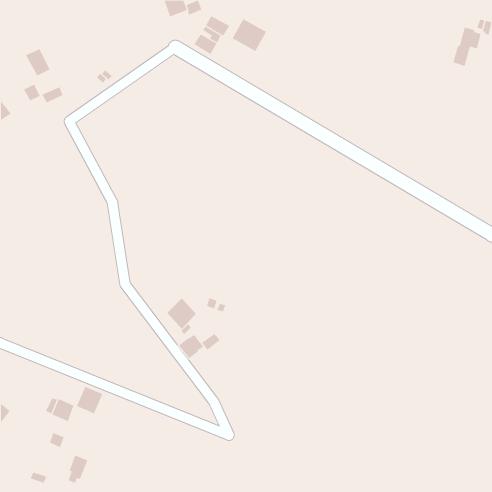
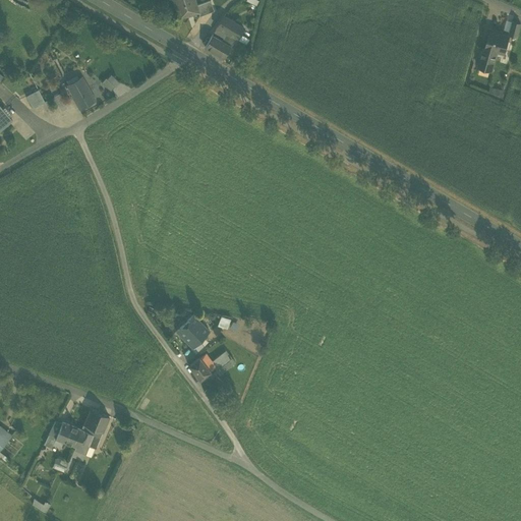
building: [232,19,267,52] -> none
building: [25,48,50,76] -> [65,77,92,107]
building: [68,454,88,483] -> [71,428,93,459]

